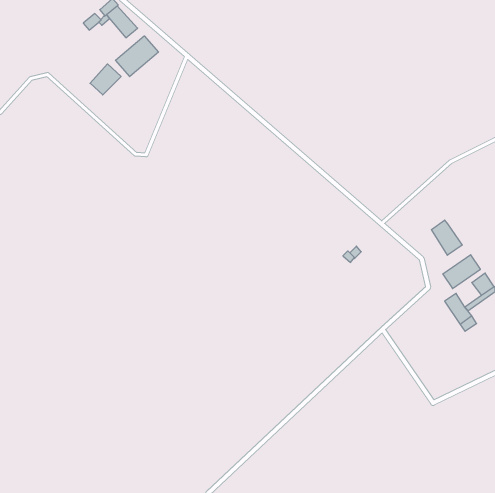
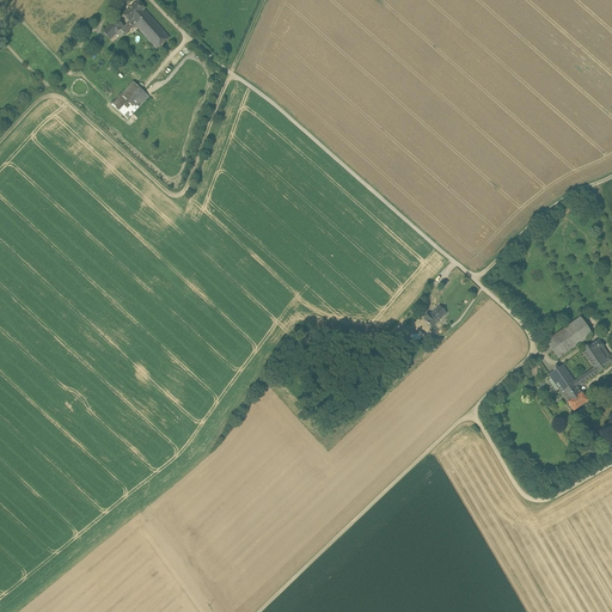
building: [116,36,158,77] -> none
building: [431,220,462,255] -> none

